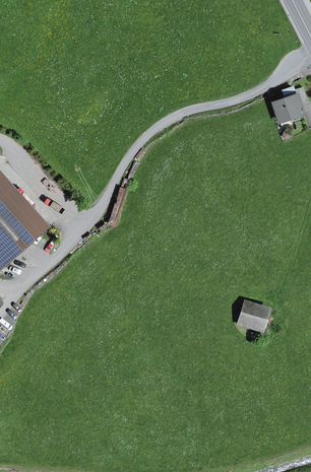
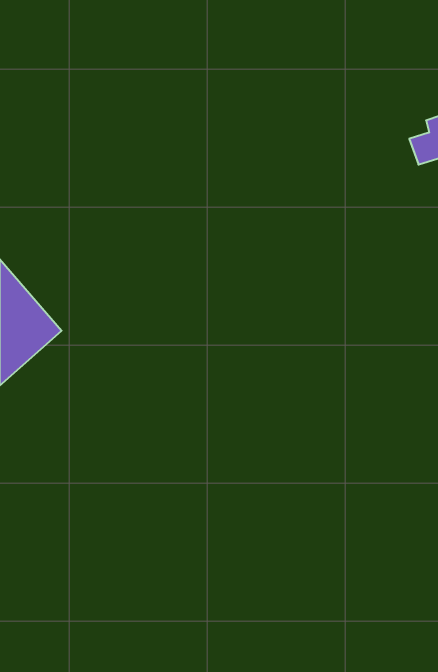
building: [239,301,268,330] -> none

